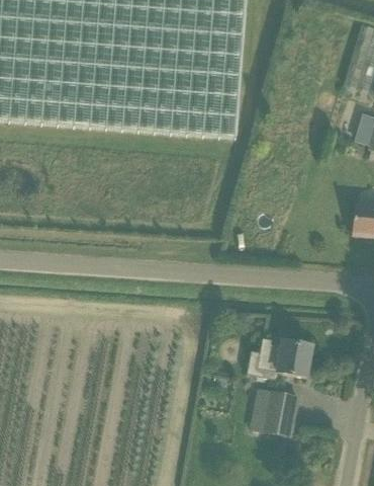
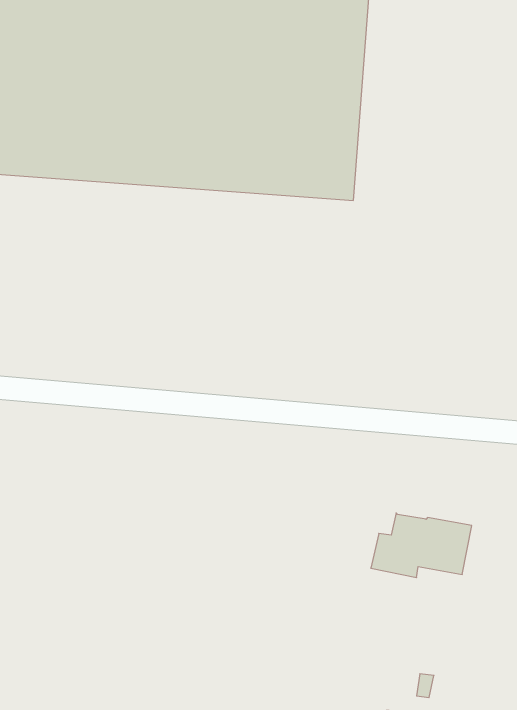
building: [249,388,297,433] -> none

